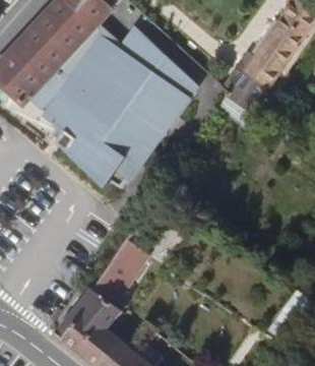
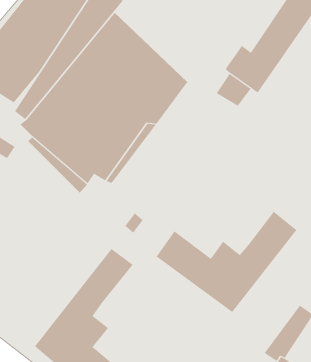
building: none -> [156,211,297,313]

